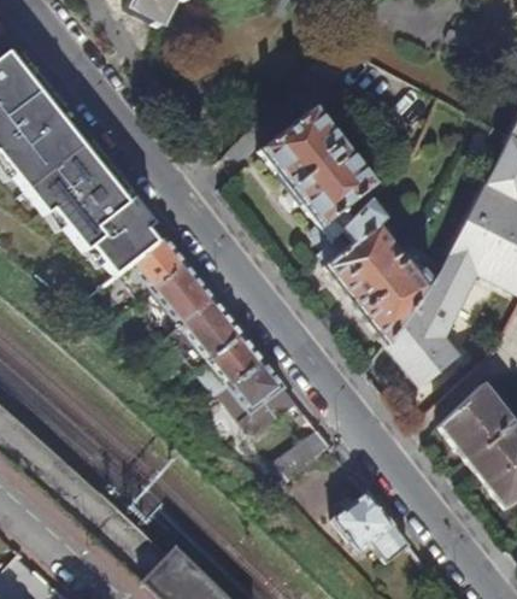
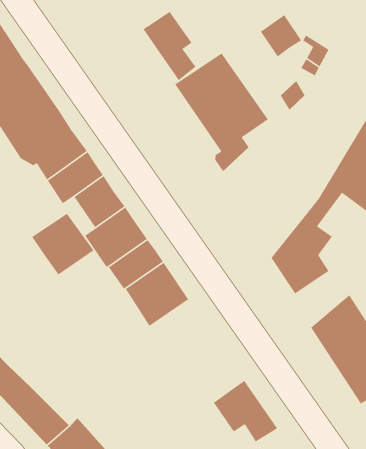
building: none -> [260,14,302,58]
building: none -> [142,11,196,81]
building: [322,202,434,346] -> none
building: none -> [31,213,94,275]
building: [270,429,331,482] -> none

